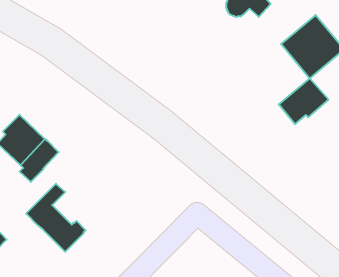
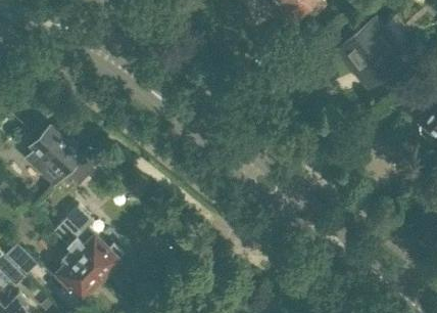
building: [279,78,328,124] -> none
building: none -> [57,248,101,300]

